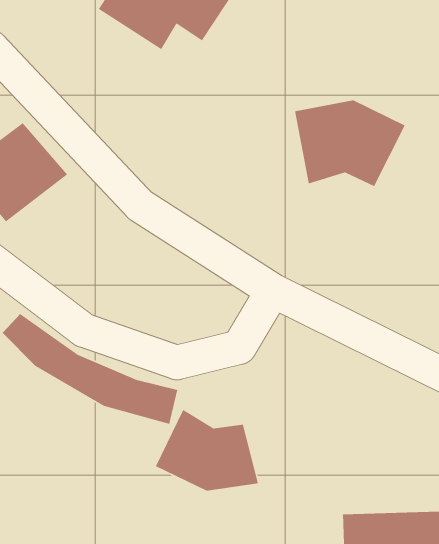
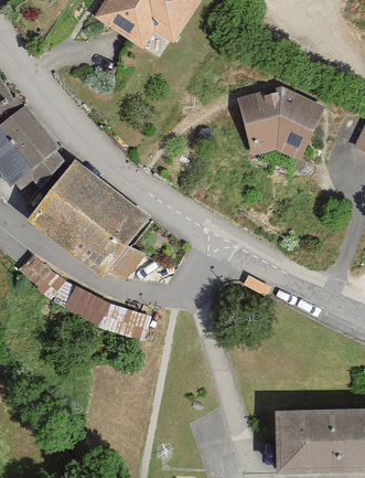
building: none -> [30,160,150,276]
building: [155,409,259,491] -> none

